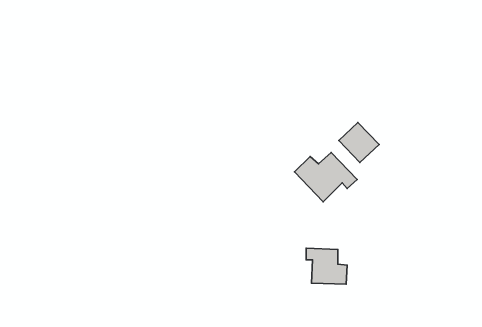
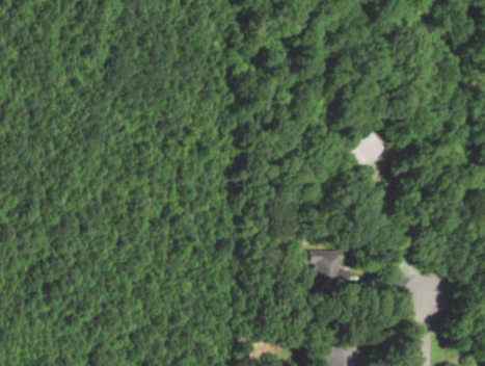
building: [295,153,357,202] -> none

